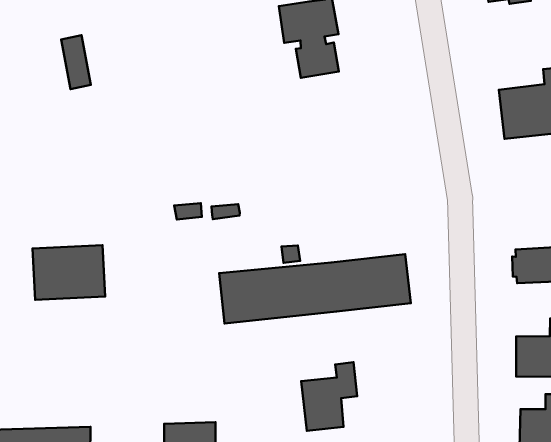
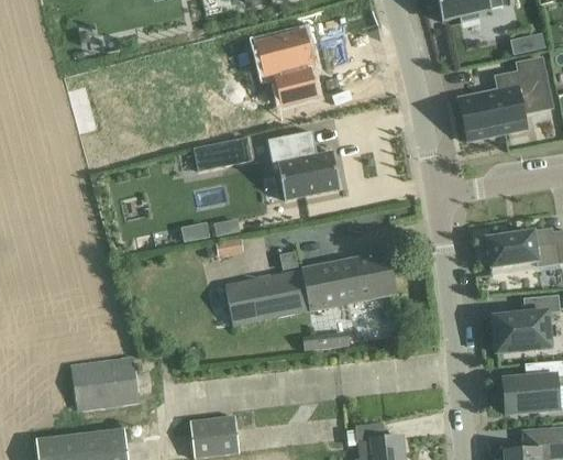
building: none -> [267,130,340,199]
building: none -> [196,139,253,171]
building: [32,245,105,300] -> [70,355,139,409]
building: [301,362,357,431] -> none

